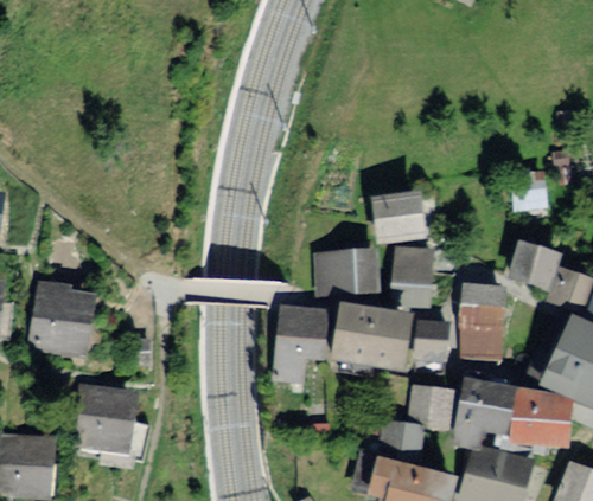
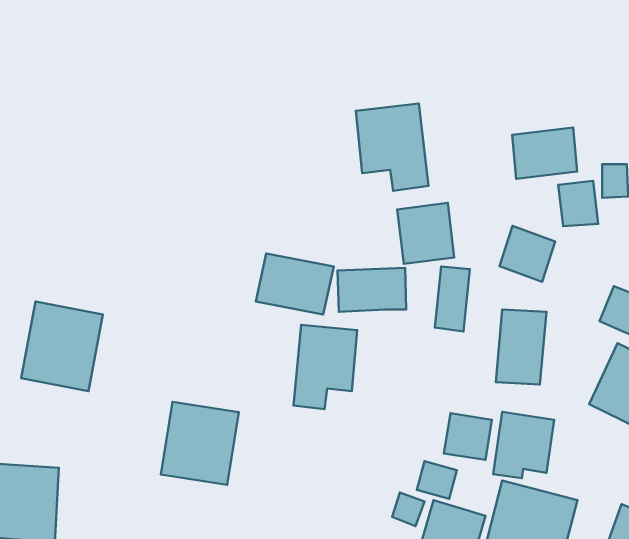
building: none -> [356,104,428,191]
building: none -> [512,127,577,179]
building: [509,238,560,289] -> [499,226,555,282]
building: [338,310,409,366] -> [256,253,334,314]
building: [414,316,447,359] -> none
building: [70,383,141,458] -> [161,402,239,485]
building: [509,392,572,449] -> none

